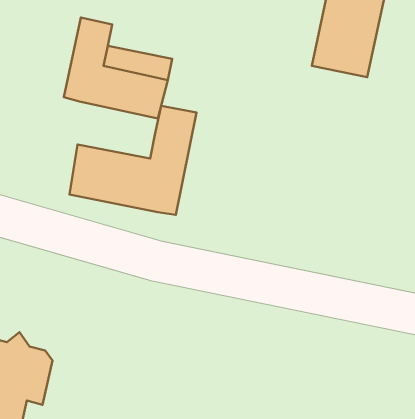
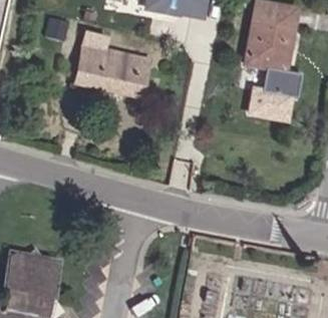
building: none -> [247,67,300,119]
building: [69,106,197,215] -> none

